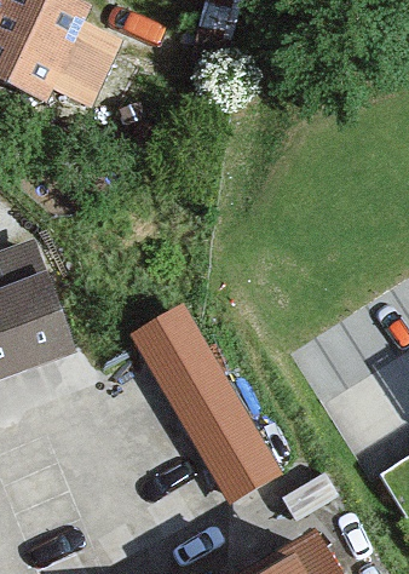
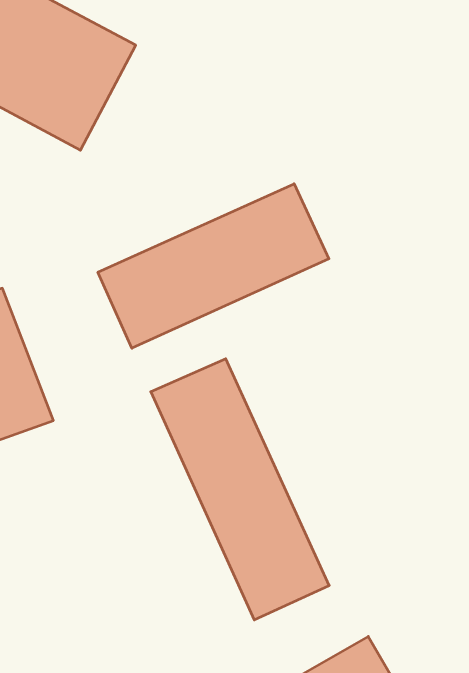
building: none -> [98,184,329,348]

